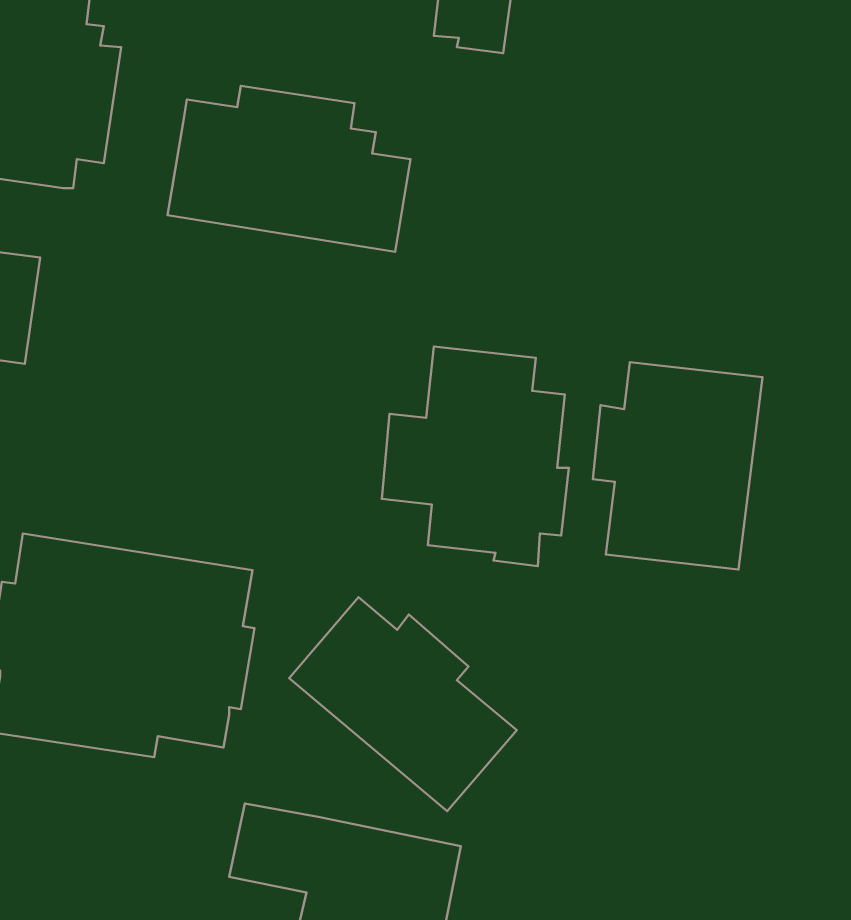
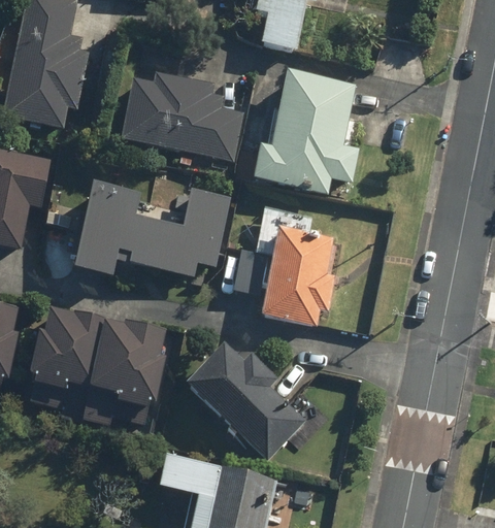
building: none -> [248,70,361,194]
building: none -> [67,183,234,286]
building: [593,362,763,569] -> none

